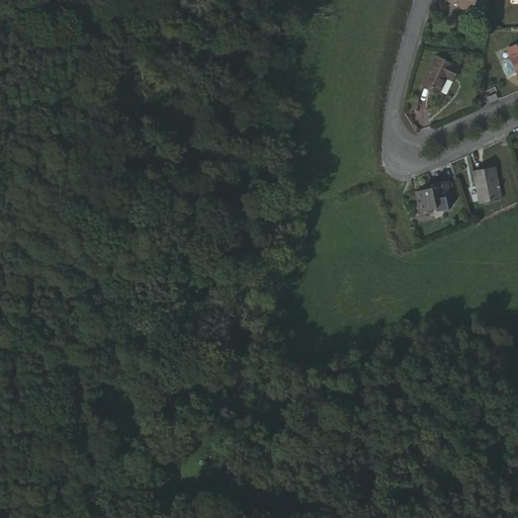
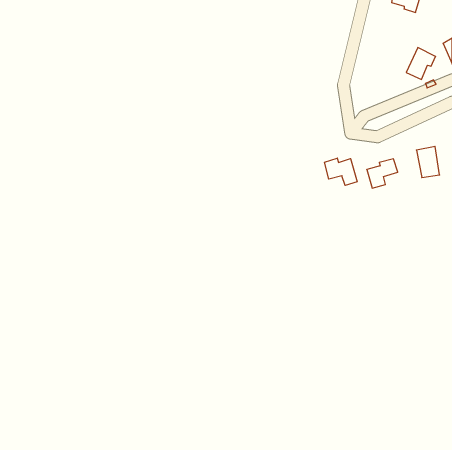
building: [424,55,457,91] -> [406,48,436,79]
building: none -> [325,158,357,185]

